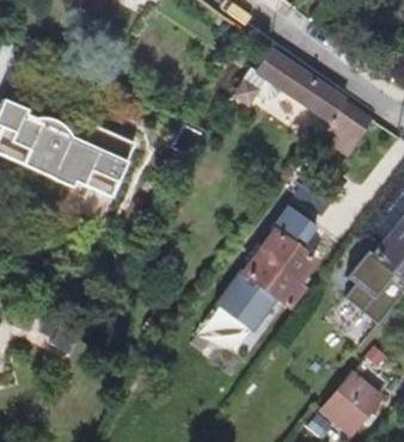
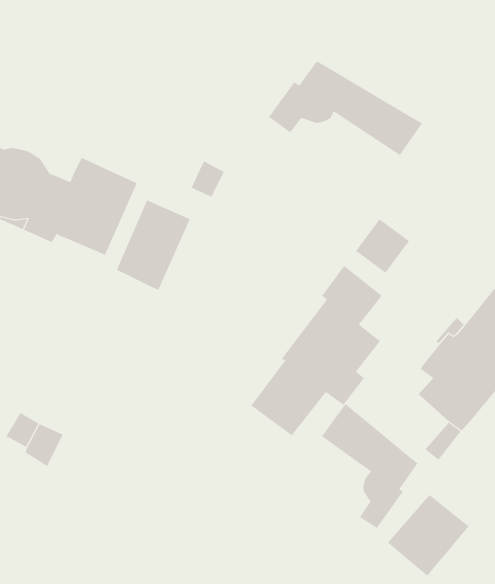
building: [320,98,374,155] -> none
building: none -> [116,199,190,291]
building: none -> [321,403,418,529]

